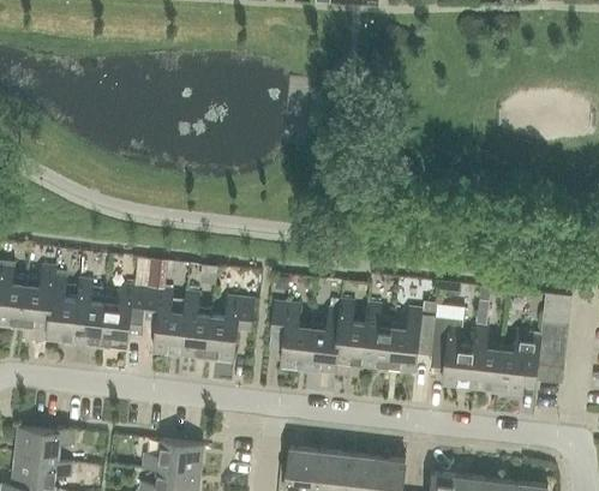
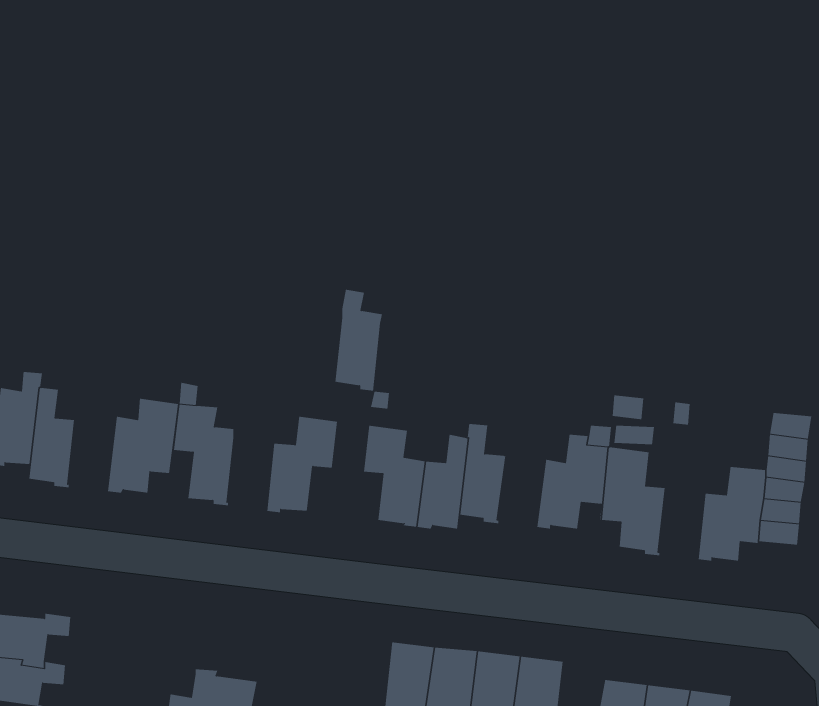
building: [71,279,103,346] -> none
building: [178,291,210,359] -> [334,289,383,391]
building: [359,303,391,370] -> none
building: [467,324,498,391] -> none
building: [142,439,200,473] -> none

